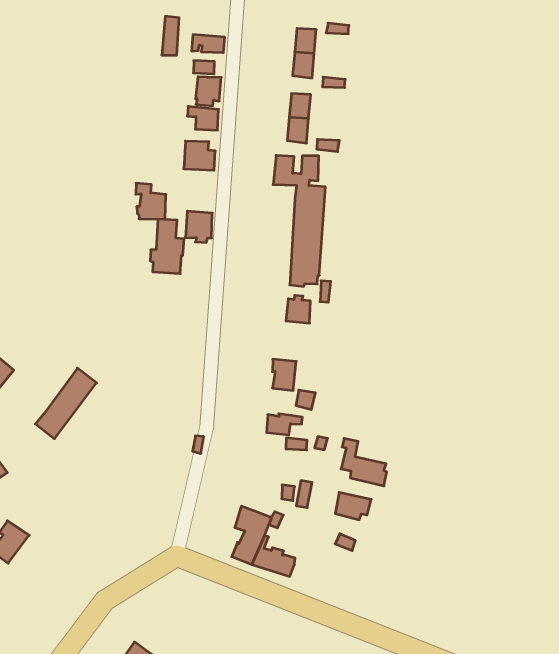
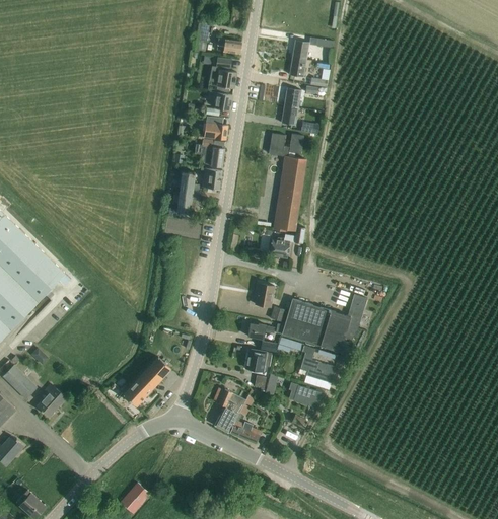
building: [136,183,166,219] -> [202,139,224,167]
building: none -> [281,295,366,351]
building: [35,368,97,439] -> [123,357,170,407]
building: none -> [245,350,270,371]

